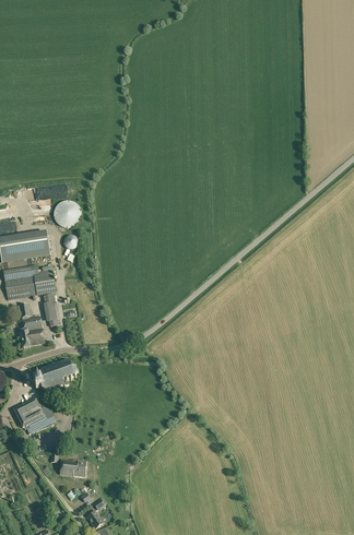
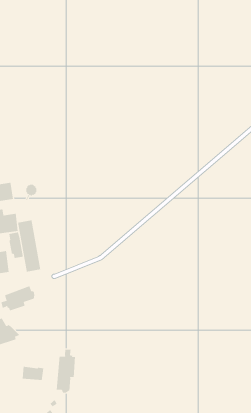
building: [54,200,82,227] -> none
building: none -> [17,220,41,272]
building: none -> [56,349,75,393]

